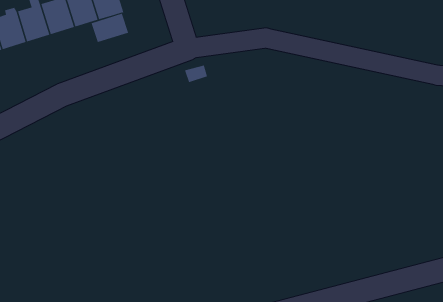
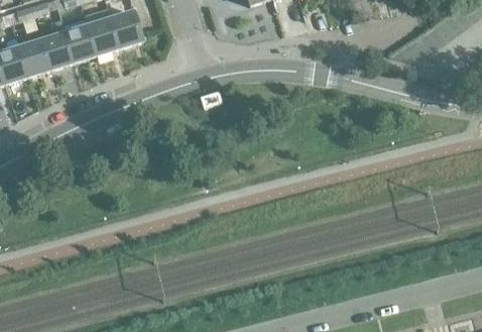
building: [91,13,129,43] -> none

